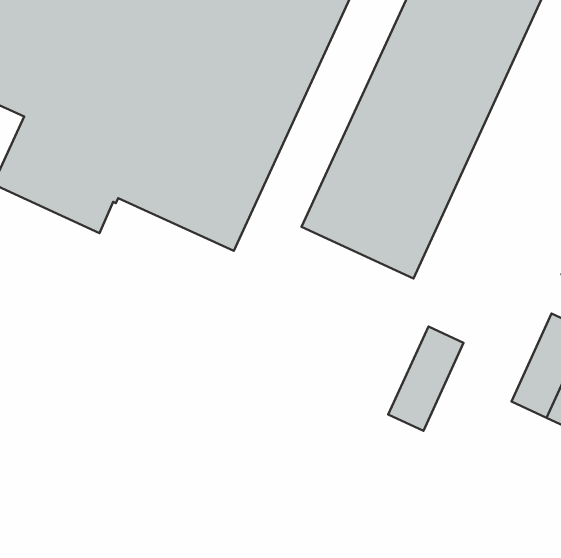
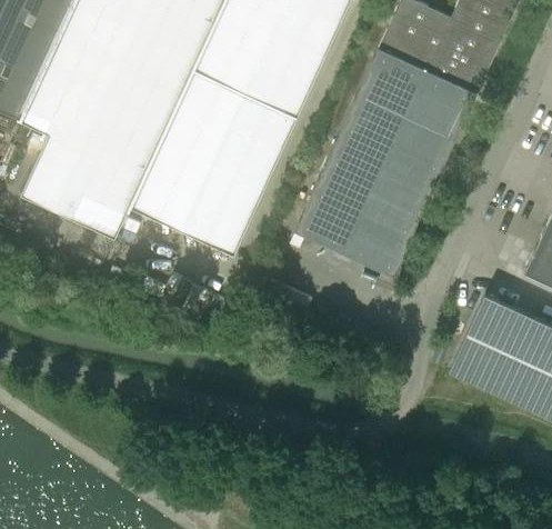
building: [388,327,464,431] -> [449,293,515,386]

